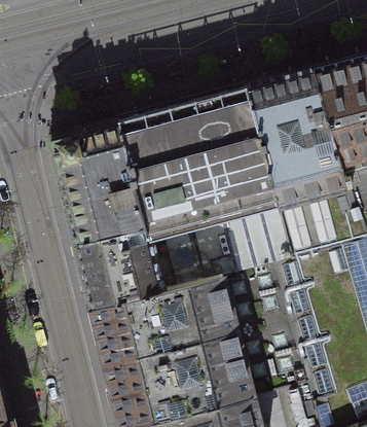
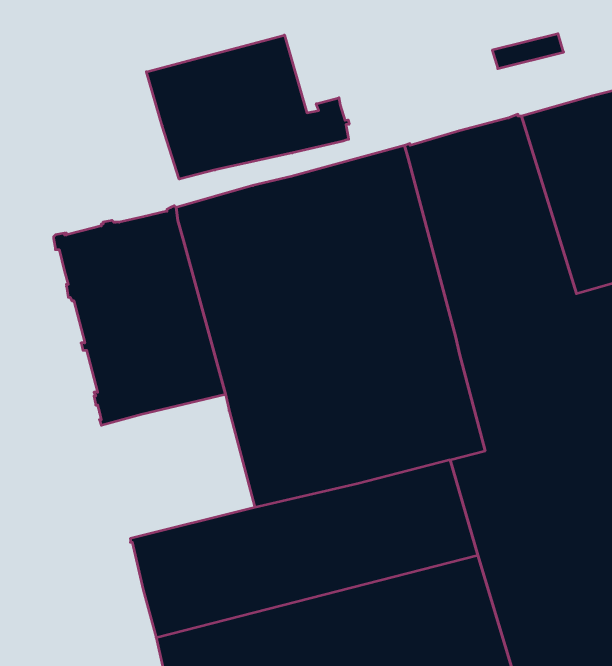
building: none -> [146,35,349,179]
building: [76,229,162,311] -> none

